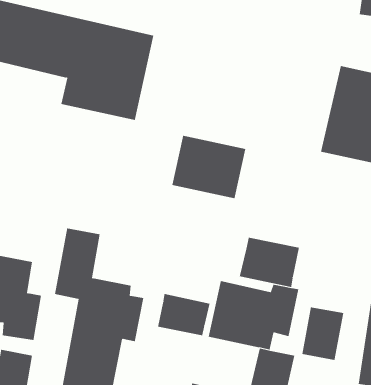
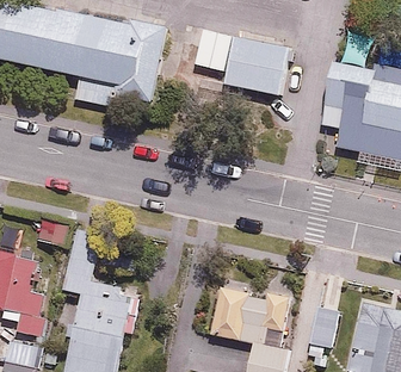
building: [171,135,246,199] -> [217,36,289,97]
building: [239,237,300,288] -> none
building: [157,293,210,336] -> none

